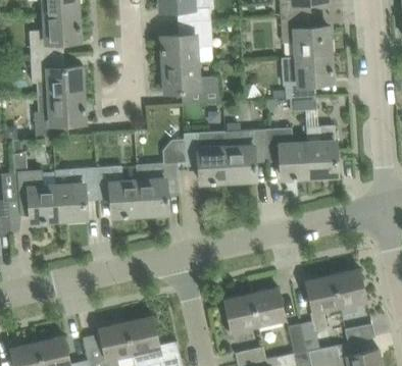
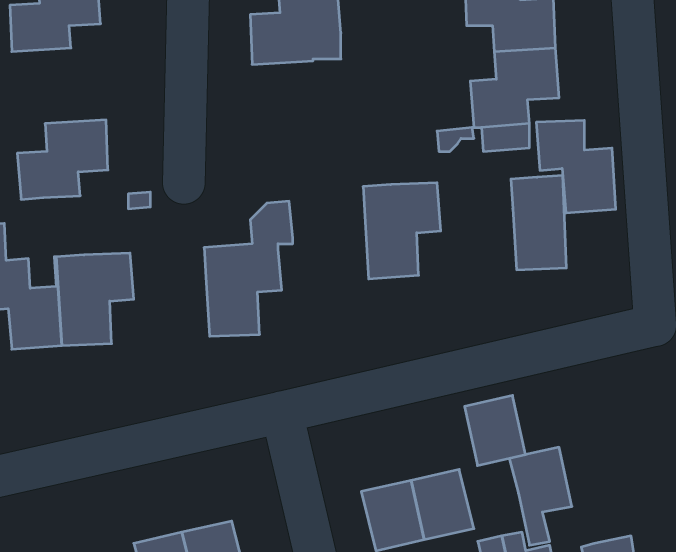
building: [30,55,82,97] -> none
building: [162,62,218,105] -> none
building: [264,128,308,179] -> [536,120,616,213]
building: [177,132,227,184] -> none
building: [95,166,139,216] -> none
building: [332,269,365,308] -> [465,395,526,466]

